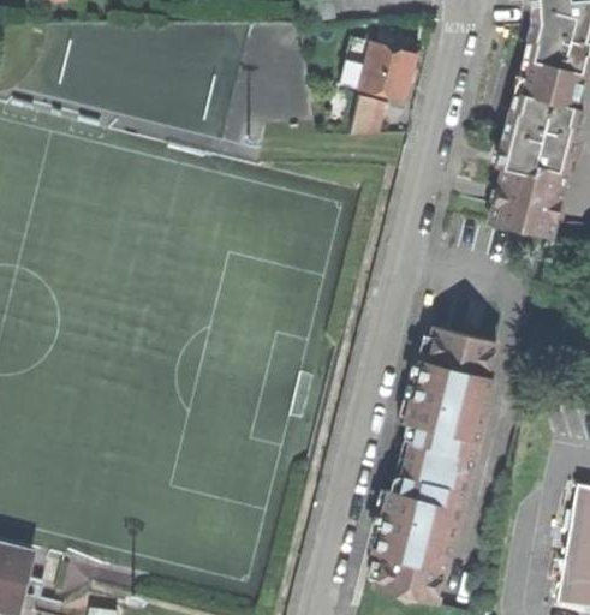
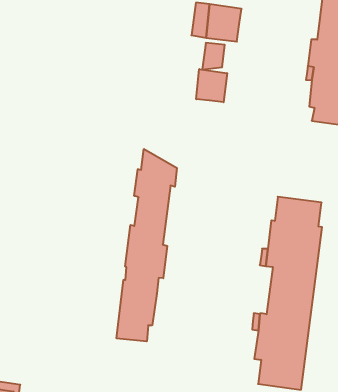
building: none -> [196,69,227,102]
building: none -> [117,149,177,341]

